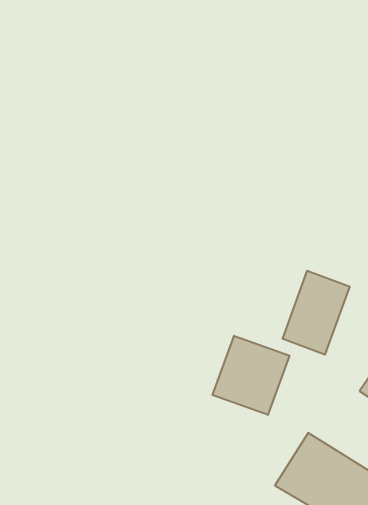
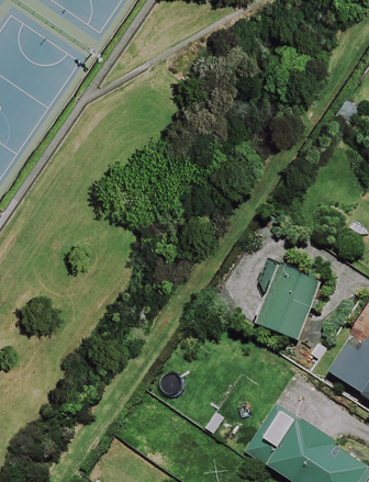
building: [212,336,289,415] -> none

